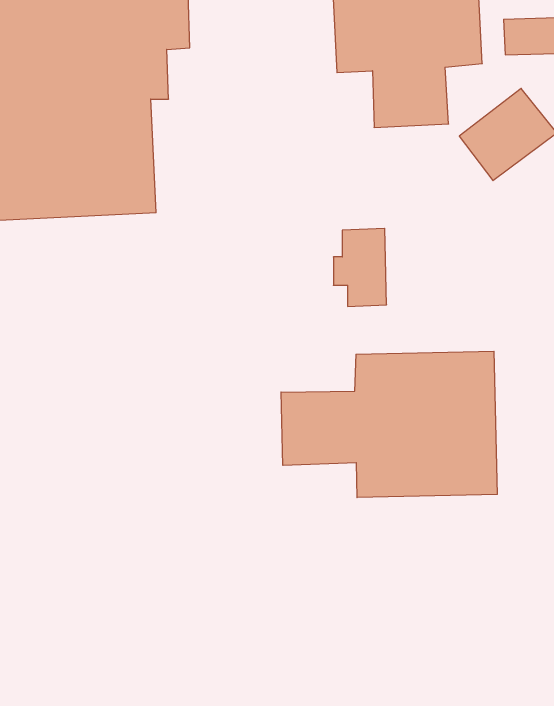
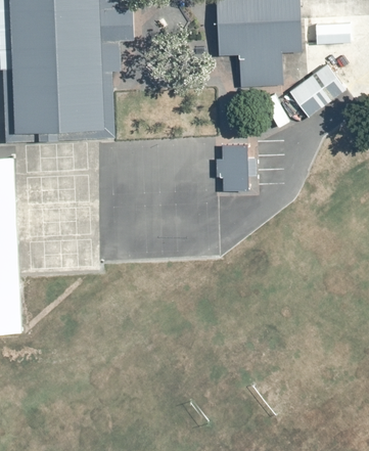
building: [281,351,497,498] -> none

